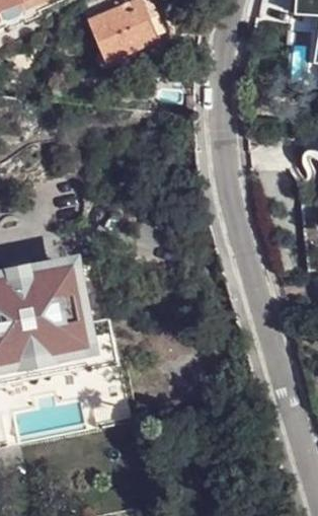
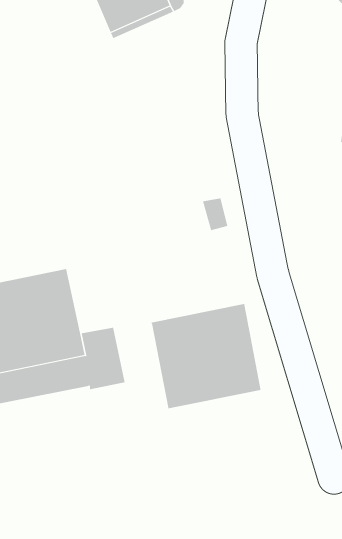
building: none -> [150,303,261,409]

